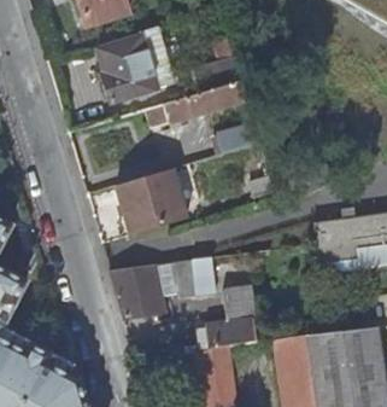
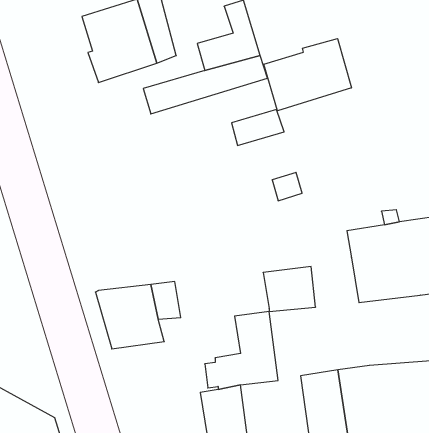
building: none -> [264,39,351,111]
building: [116,169,189,236] -> none
building: [174,258,216,295] -> [263,267,316,312]

